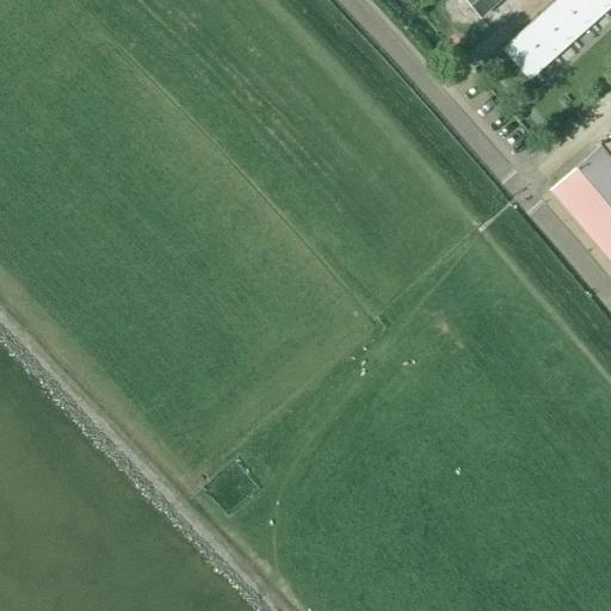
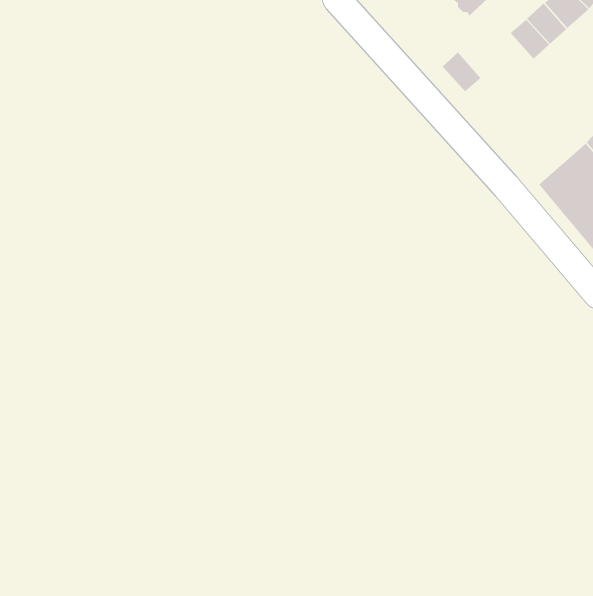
building: [508,33,549,75] -> [442,51,481,92]

